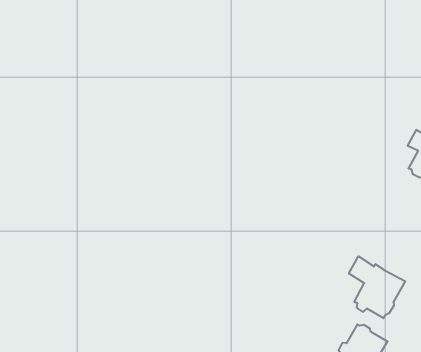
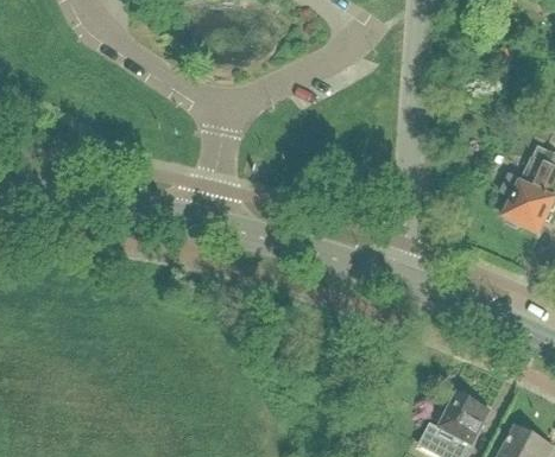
building: [349,256,405,318] -> none

